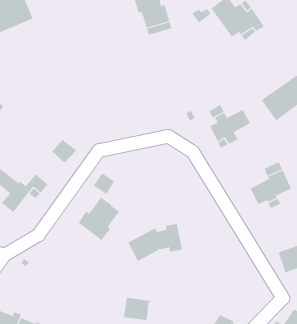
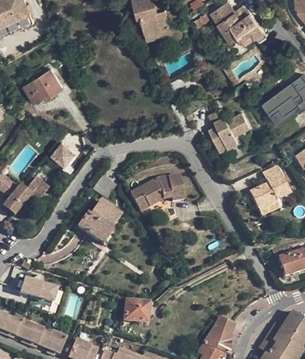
building: none -> [24,68,63,101]
building: [127,224,183,262] -> [130,172,185,210]
building: none -> [20,272,60,300]

